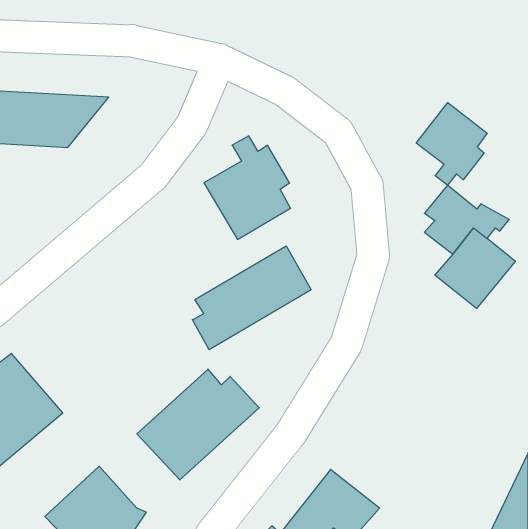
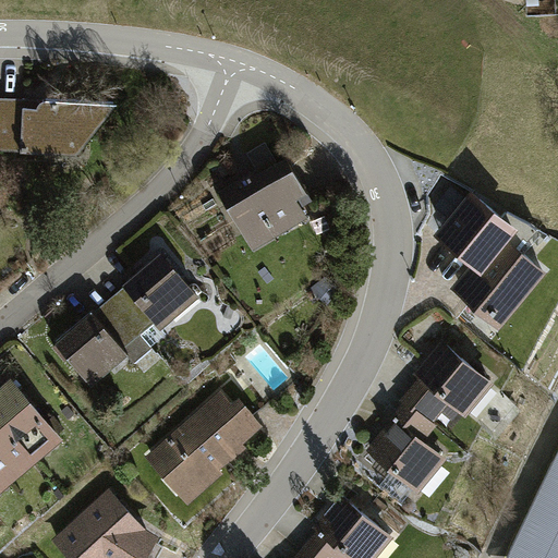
building: [416,103,487,185] -> none
building: none -> [54,252,201,387]
building: [192,246,311,350] -> none
building: none -> [369,341,497,492]

